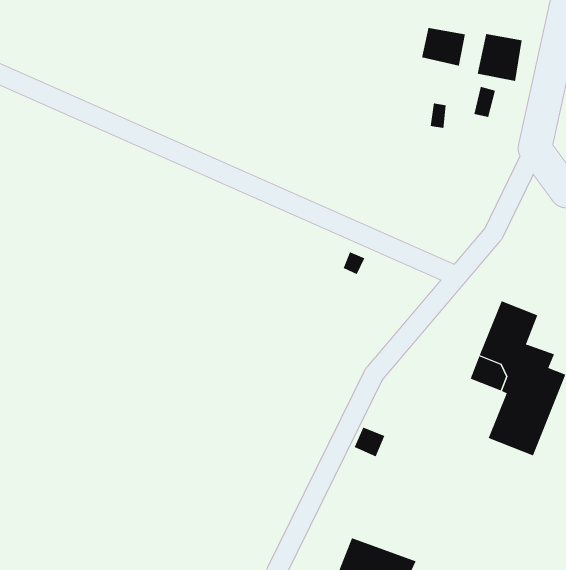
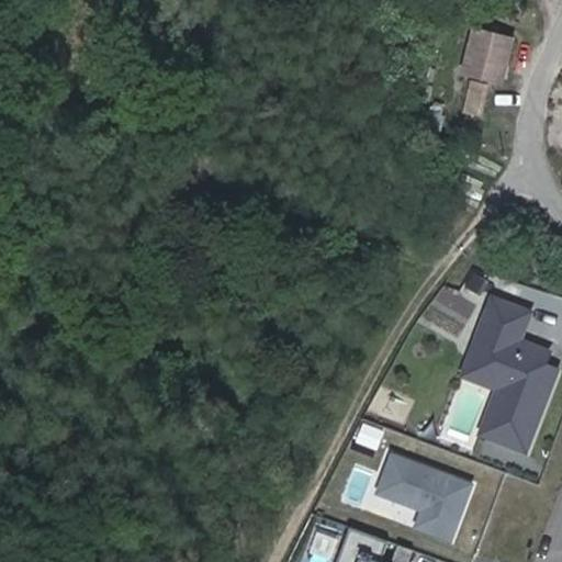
building: [422,27,466,67] -> none
building: none -> [374,454,470,541]

